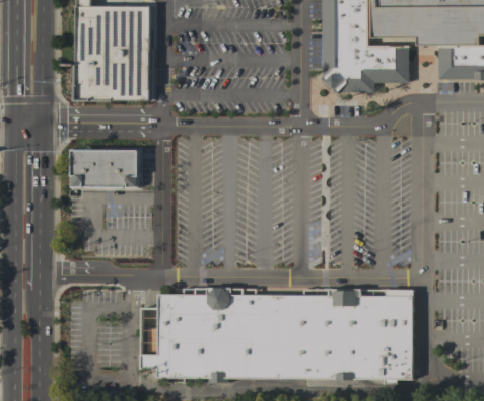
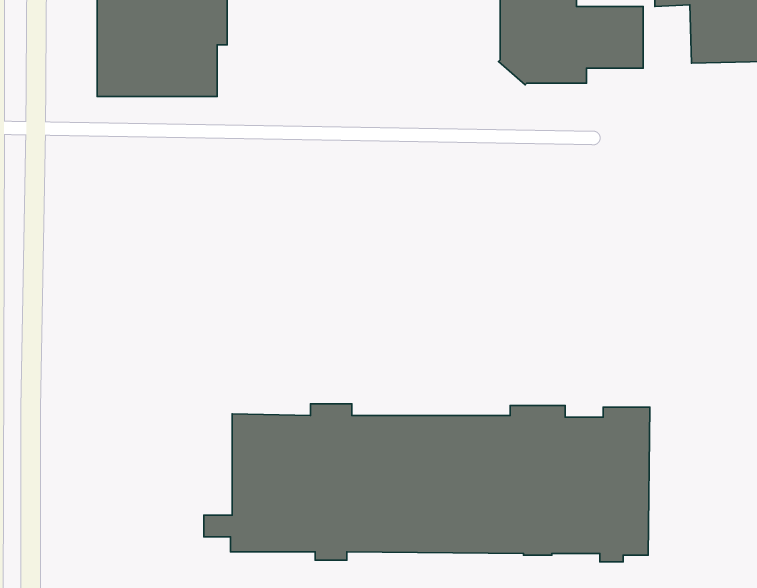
building: [70,149,138,188] -> none

